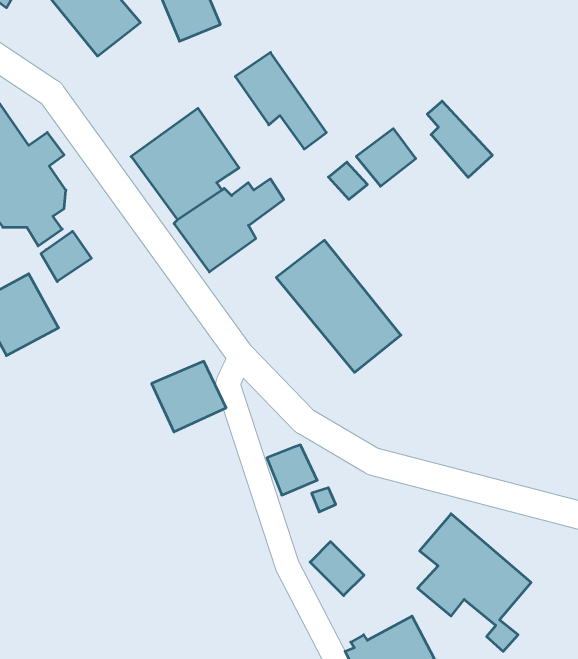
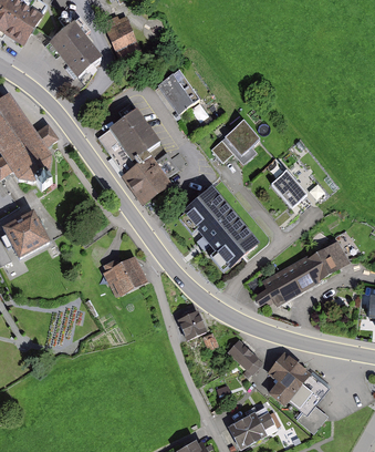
building: [427,101,492,177] -> [273,162,312,207]
building: [41,231,91,282] -> none
building: none -> [260,239,353,309]
building: [310,542,364,596] -> [228,340,260,372]

